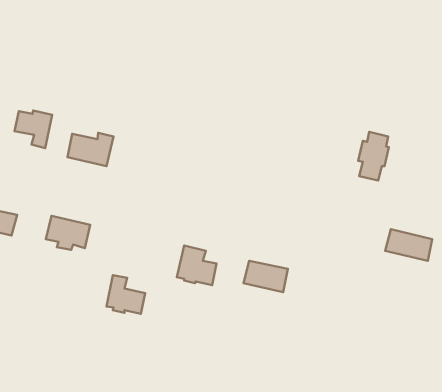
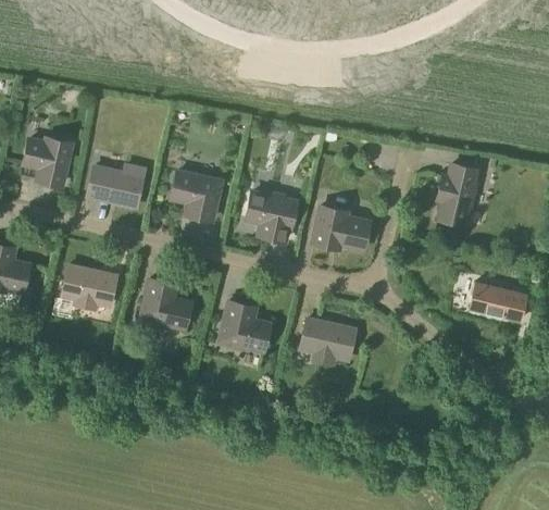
building: none -> [173,173,221,219]
building: none -> [248,192,296,240]
building: none -> [313,209,367,248]
building: [106,275,145,314] -> [142,281,189,327]

